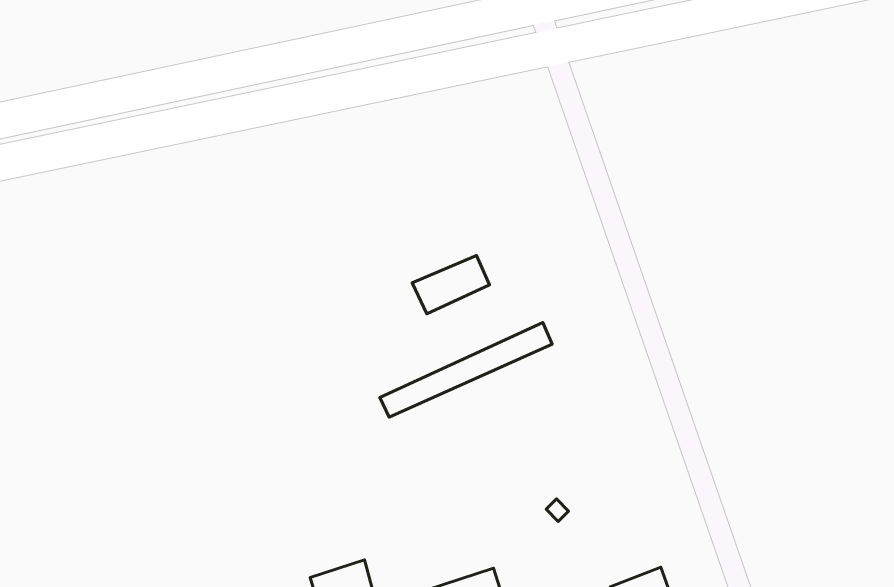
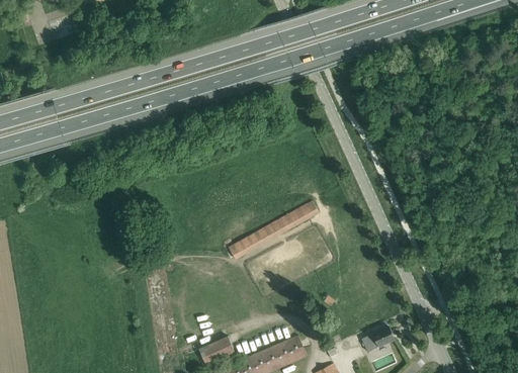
building: [412,255,490,314] -> none

